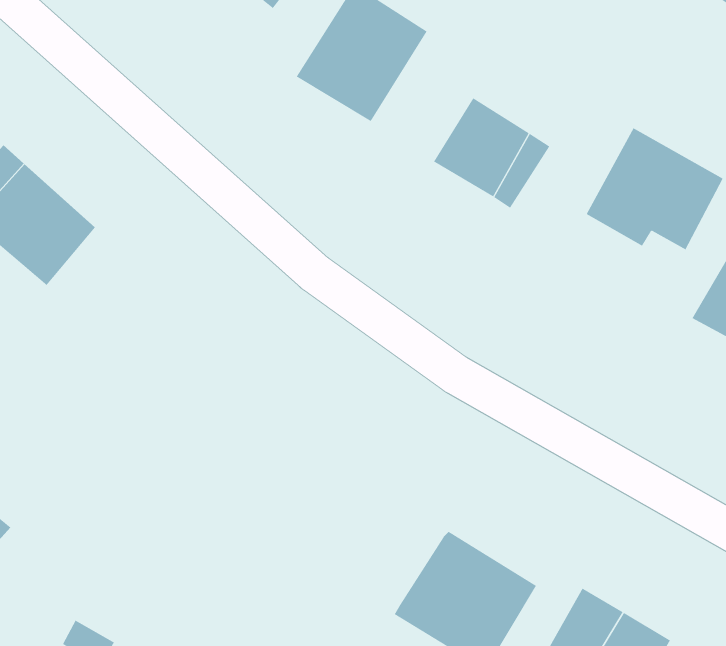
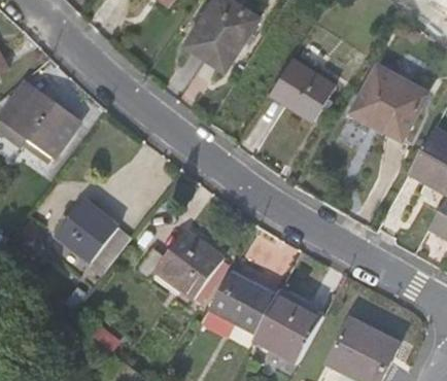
building: none -> [58,197,130,271]
building: none -> [136,234,224,310]
building: none -> [208,271,272,332]

